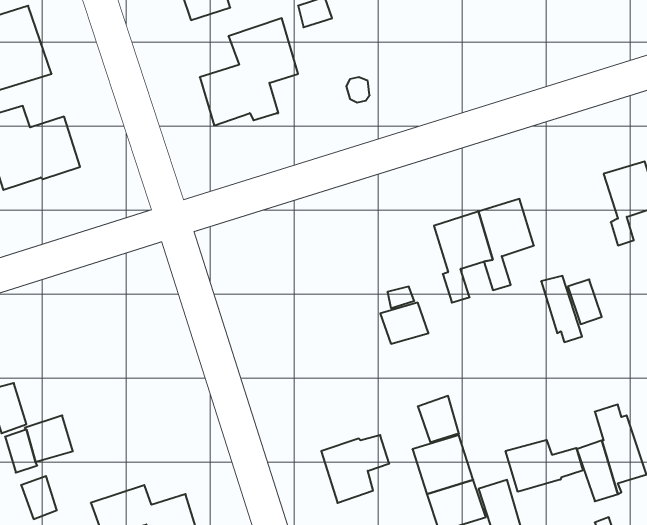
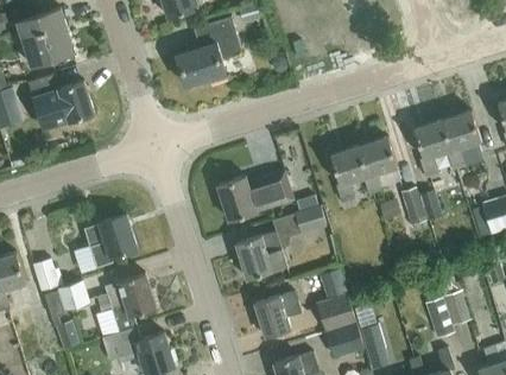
building: none -> [413,120,453,179]
building: none -> [216,171,295,220]
building: none -> [86,214,138,271]
building: none -> [235,231,287,279]
building: none -> [97,273,157,338]
building: [506,440,583,492] -> none

